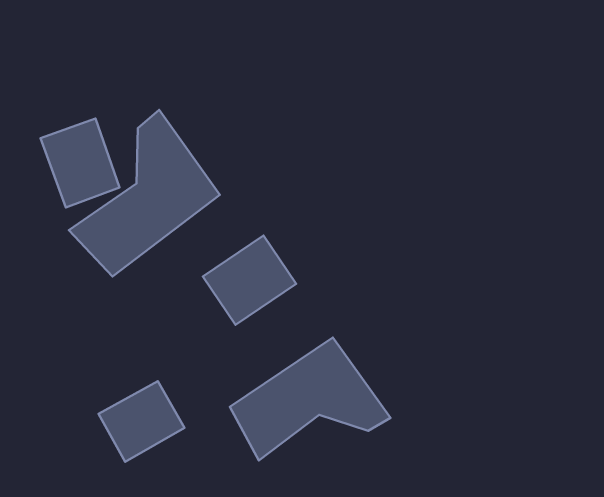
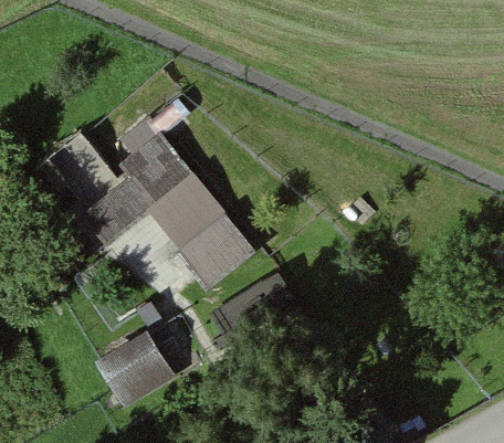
building: [230,337,390,460] -> none

